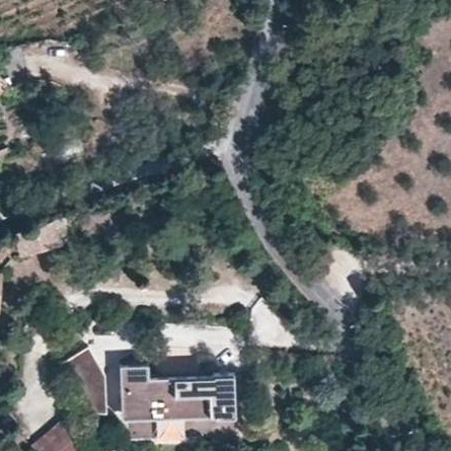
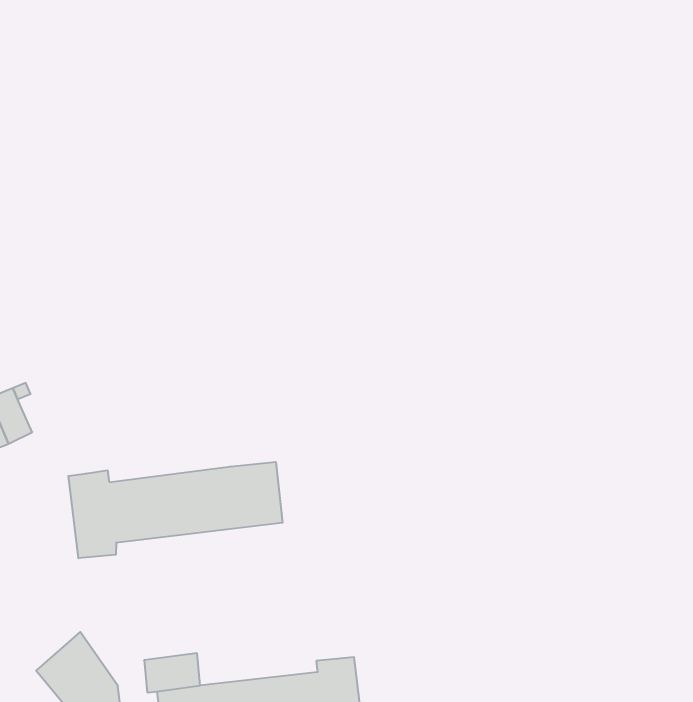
building: none -> [68,462,283,558]

